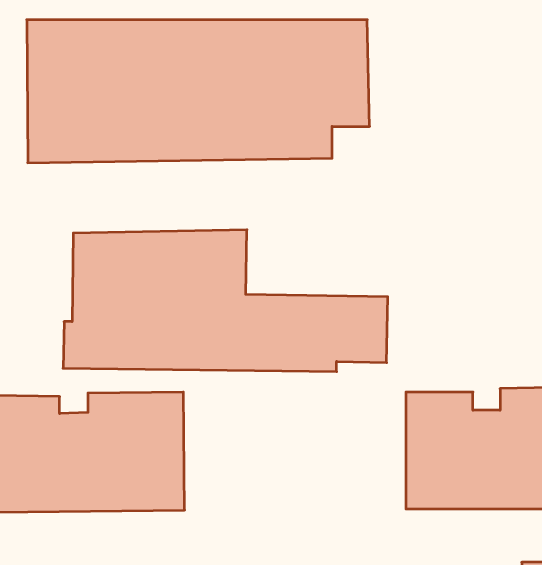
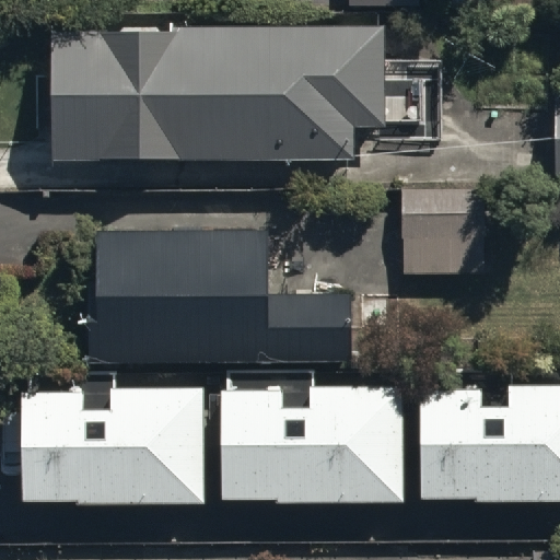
building: none -> [404,189,491,279]
building: none -> [220,386,402,501]

